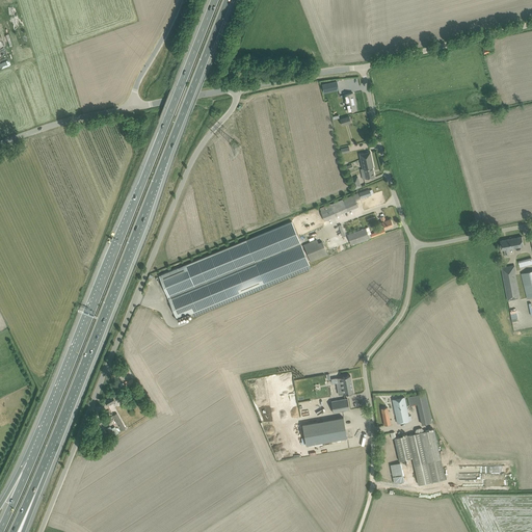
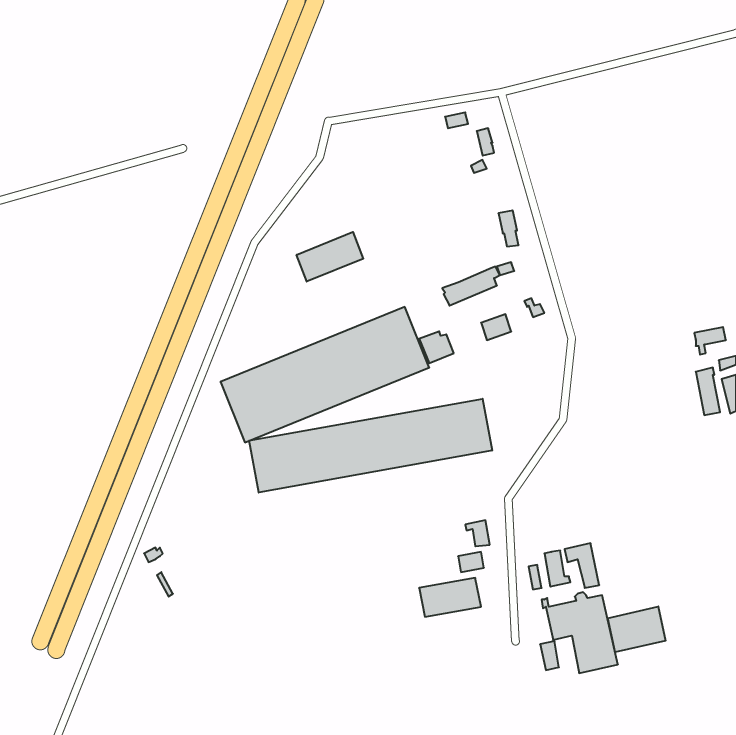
building: none -> [297,232,363,282]
building: none -> [249,399,492,493]
building: none -> [608,606,666,652]

